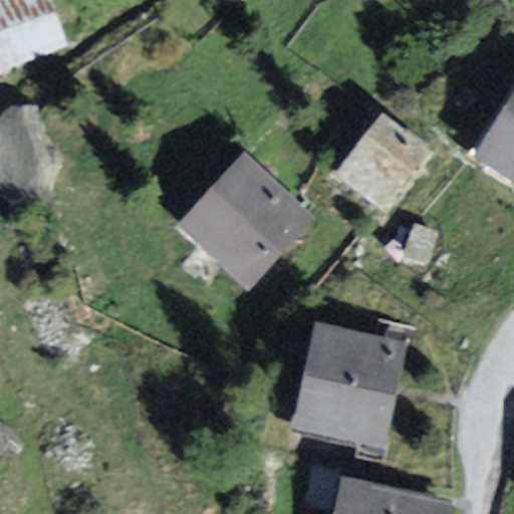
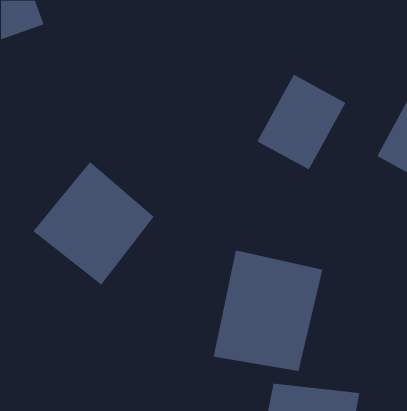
building: [161,135,327,301] -> none
building: none -> [32,161,155,286]

